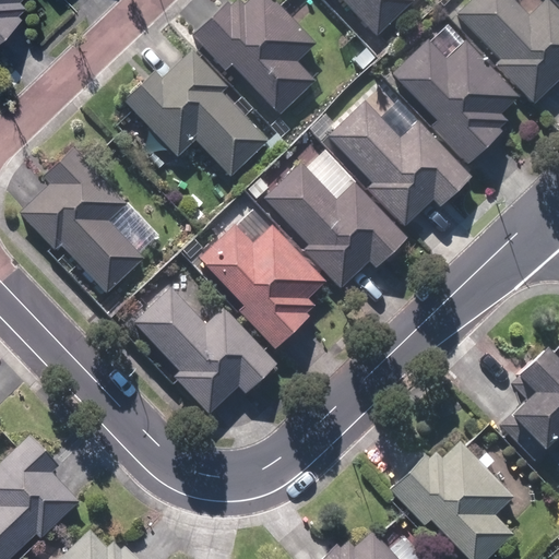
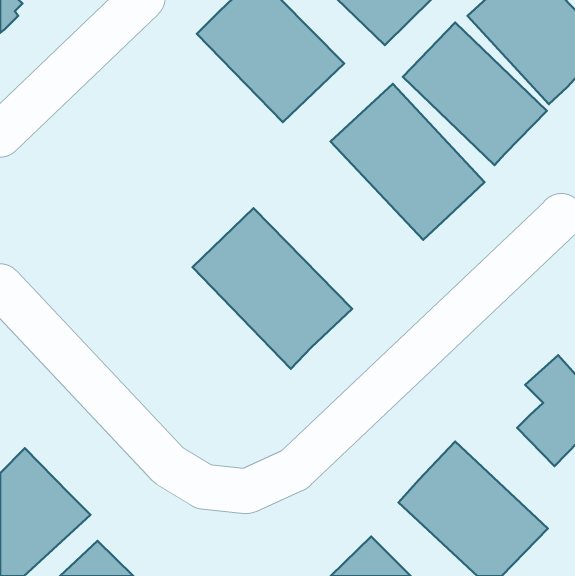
building: [122,50,267,177] -> none
building: [259,146,408,295] -> none
building: [15,151,159,294] -> none
building: [123,271,278,424] -> none

